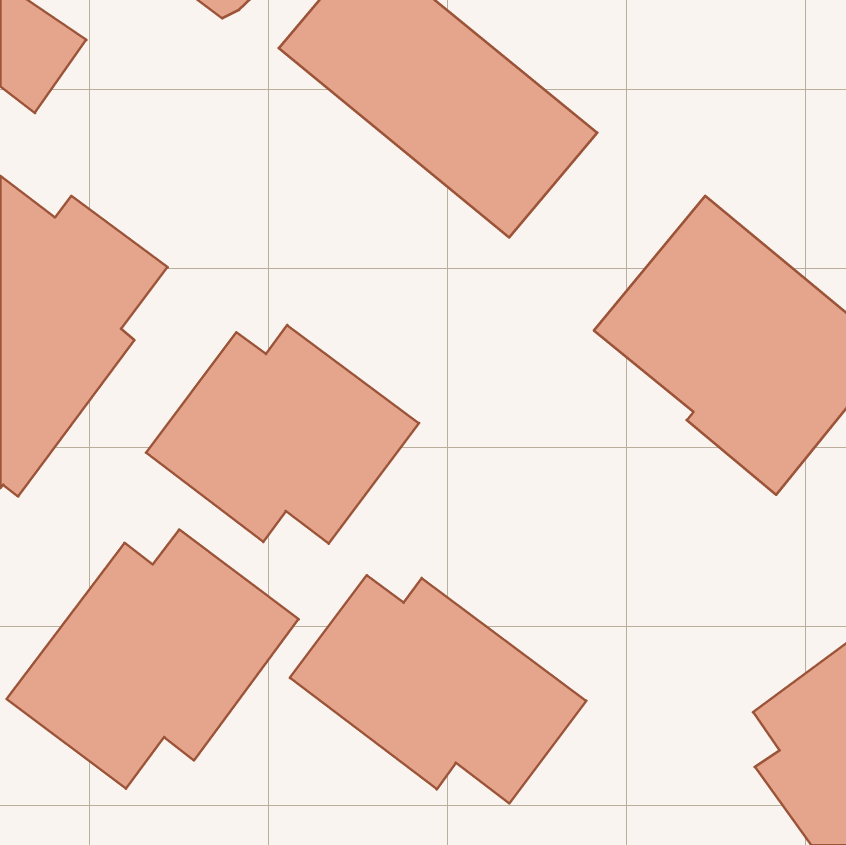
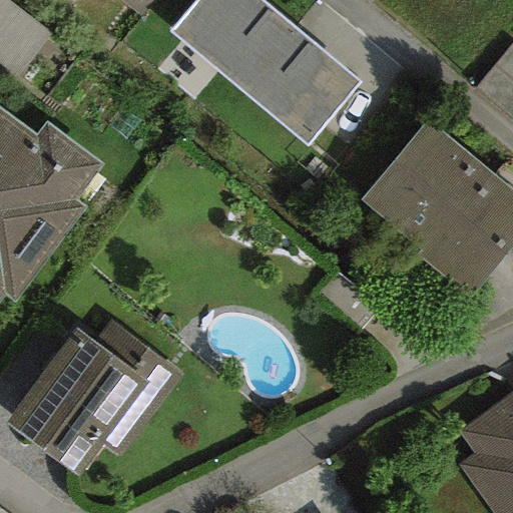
building: [146,325,419,544] -> none
building: [290,575,586,803] -> none

